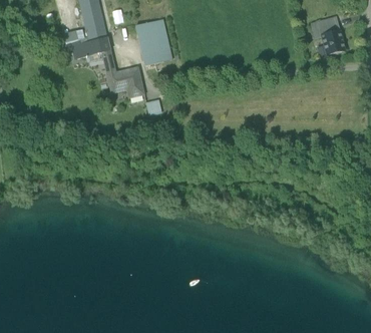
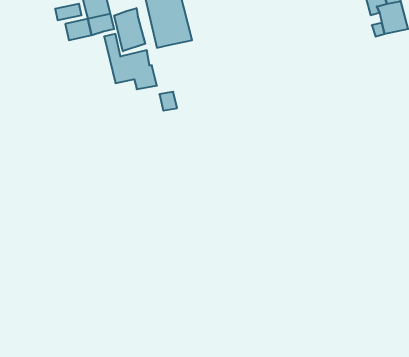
building: none -> [114,8,145,51]

